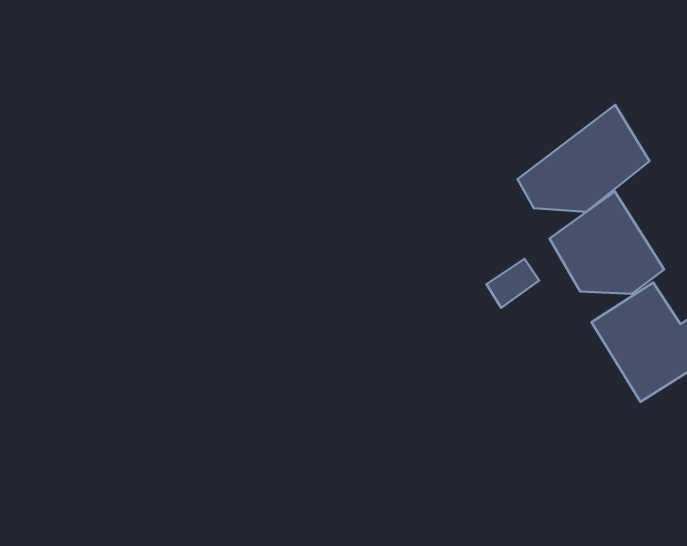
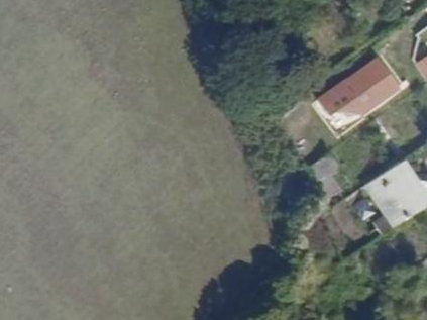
building: [550,192,664,294] -> none

